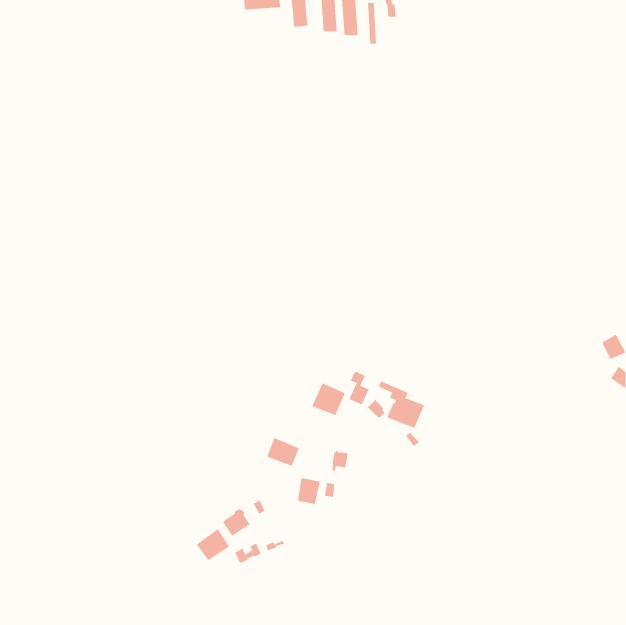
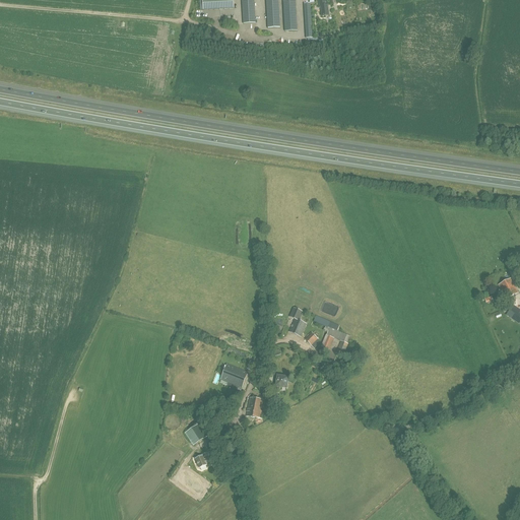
building: [312,382,346,416] -> none
building: [196,528,230,561] -> none

